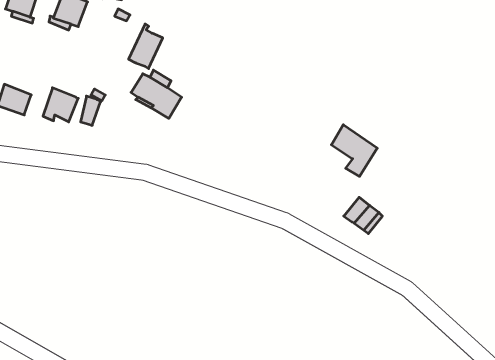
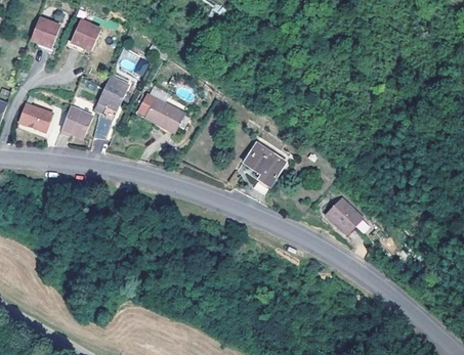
building: [129,24,163,69] -> [99,69,129,107]
building: [331,125,377,176] -> [245,143,285,188]

